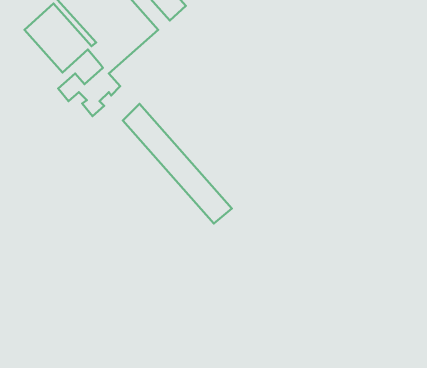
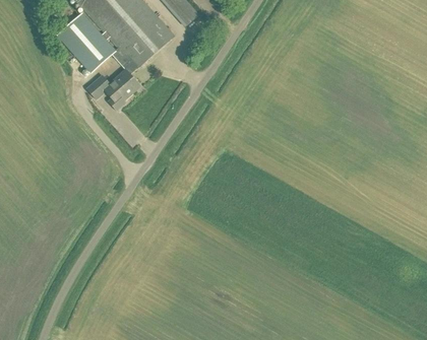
building: [123,104,232,223] -> none

